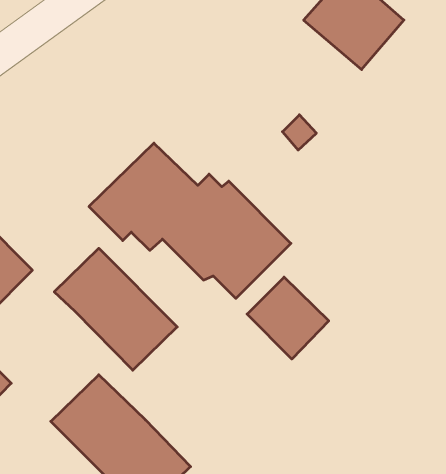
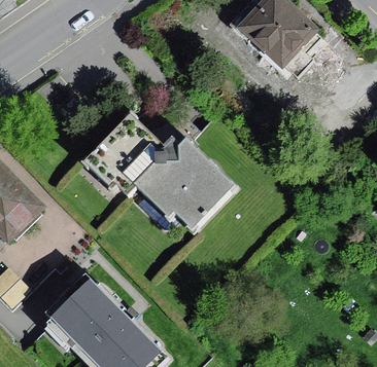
building: [54,248,177,370] -> none
building: [247,277,329,359] -> none

